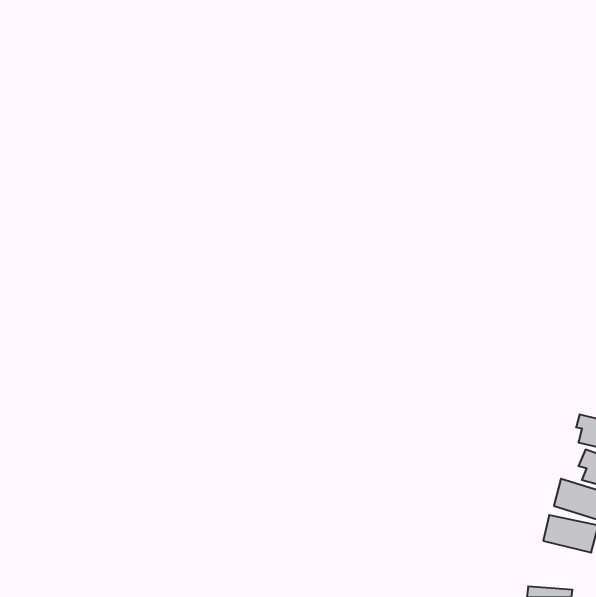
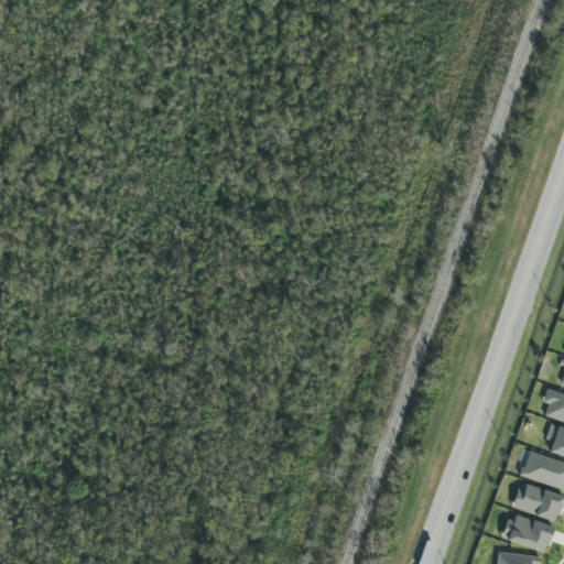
building: none -> [503,512,555,553]

